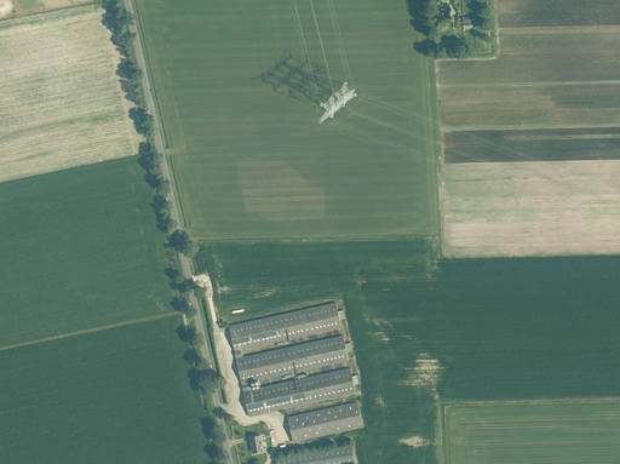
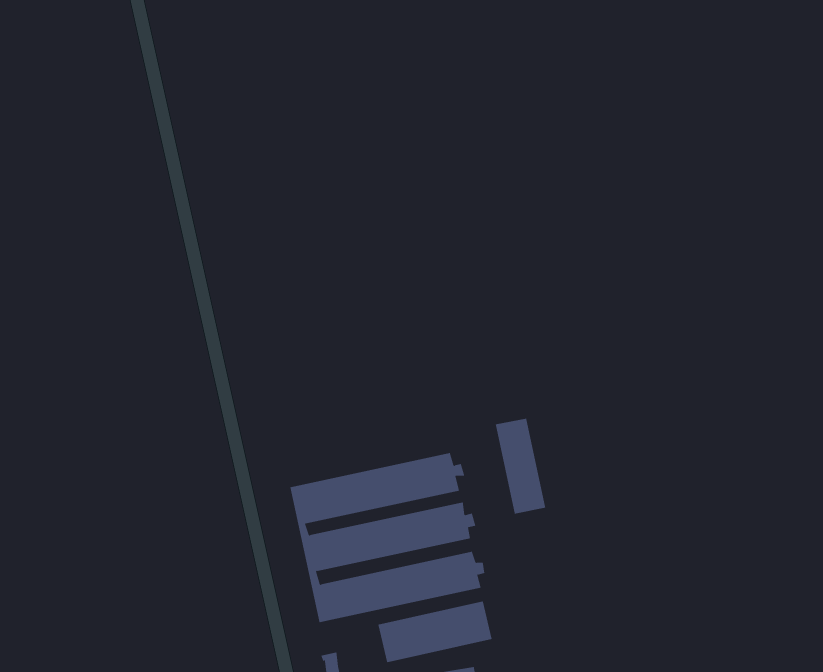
building: none -> [495,418,546,514]

